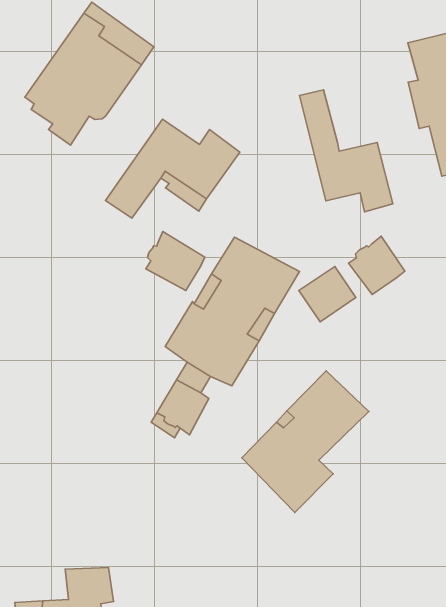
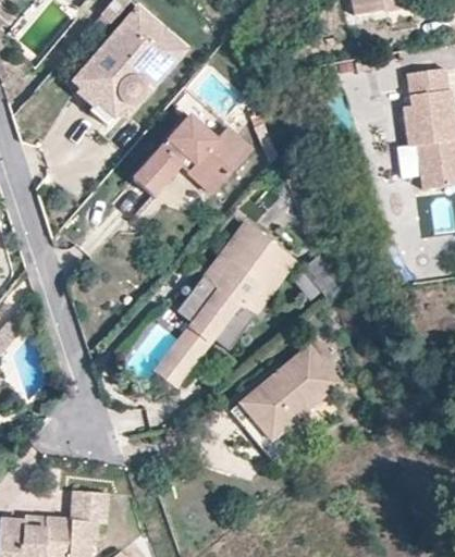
building: [299,90,393,212] -> none
building: [146,232,205,291] -> none
building: [348,236,405,294] -> none

